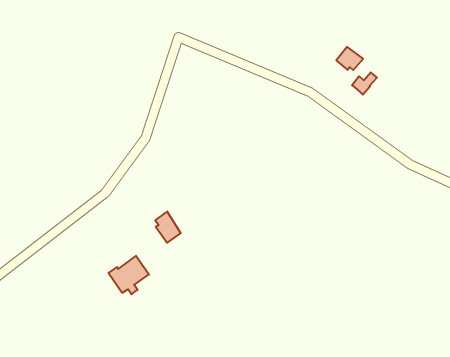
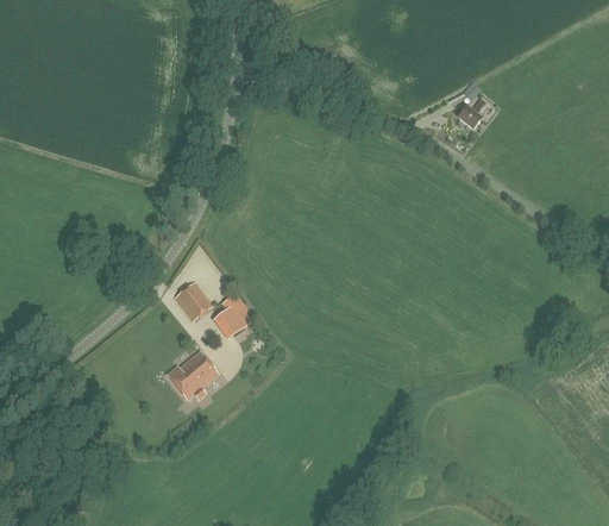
building: [336,47,363,70] -> none
building: none -> [174,282,211,319]

